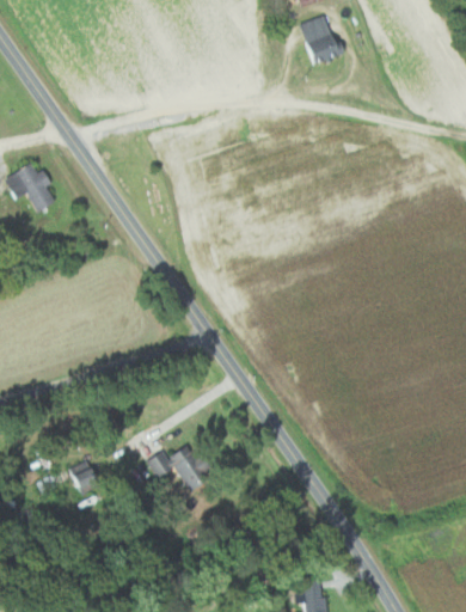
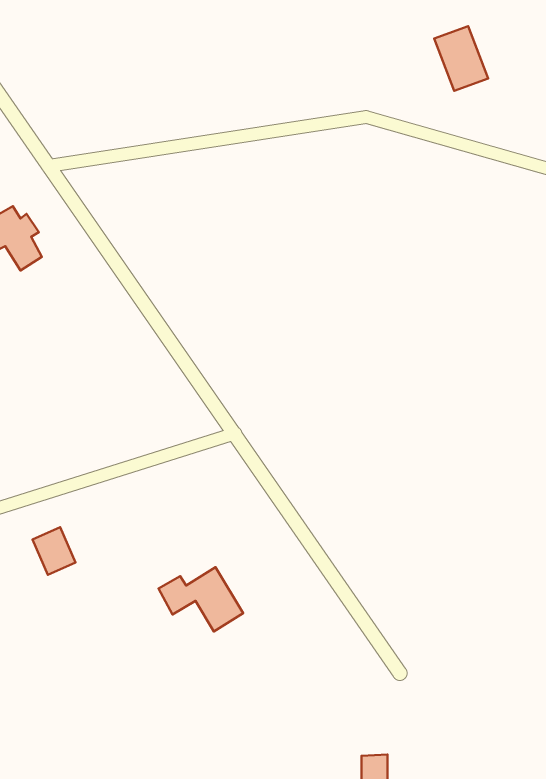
building: [300,14,342,65] -> [434,26,488,91]
building: [67,459,100,496] -> [33,527,76,575]

